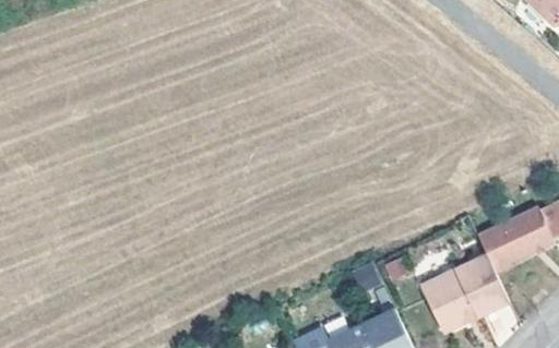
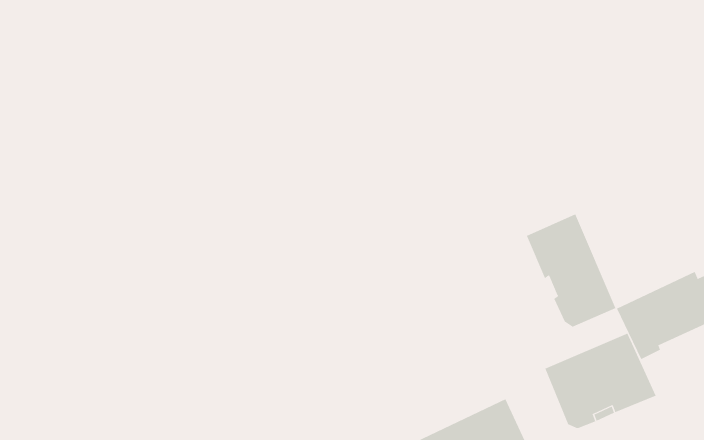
building: none -> [526,214,616,327]

